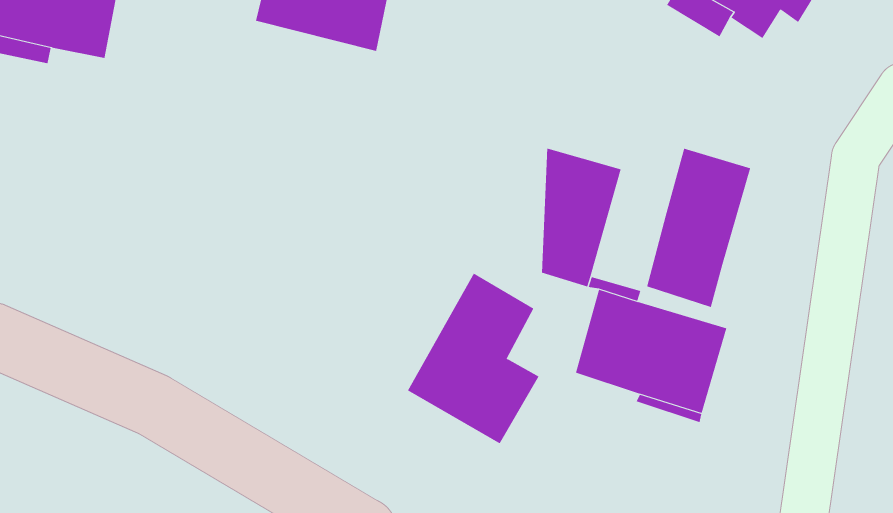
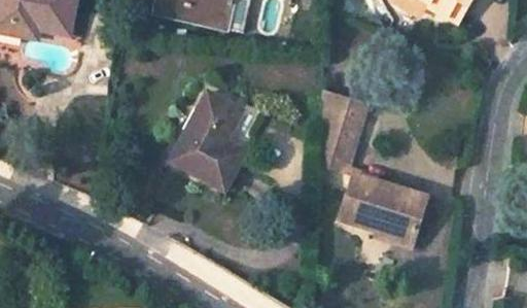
building: [646,148,751,308] -> none
building: [407,273,540,444] -> [172,92,248,191]

